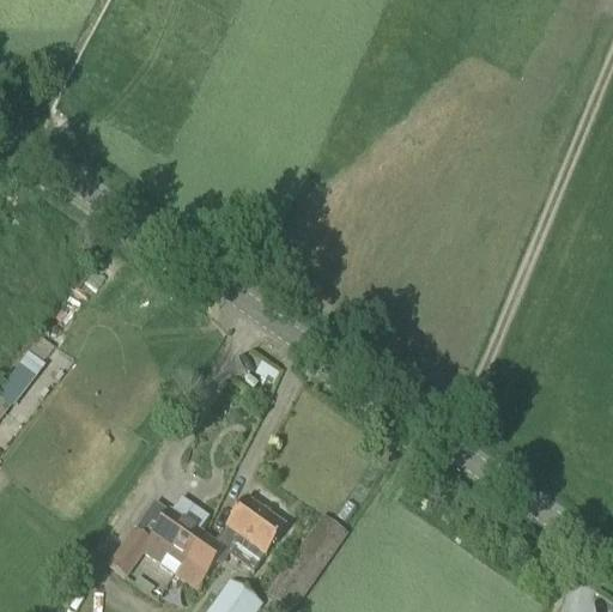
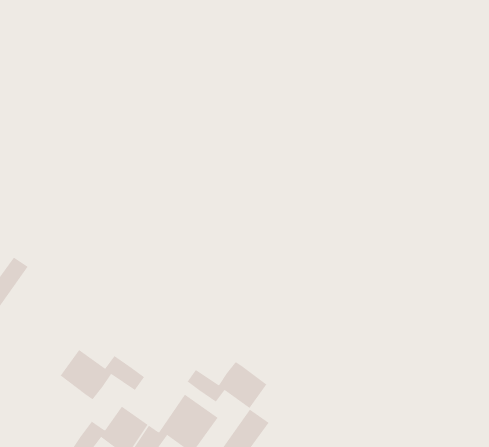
building: none -> [60,349,145,400]
building: none -> [187,361,267,409]

